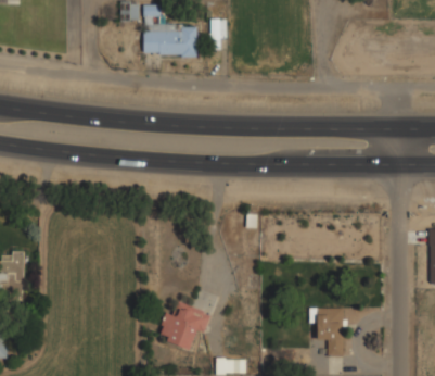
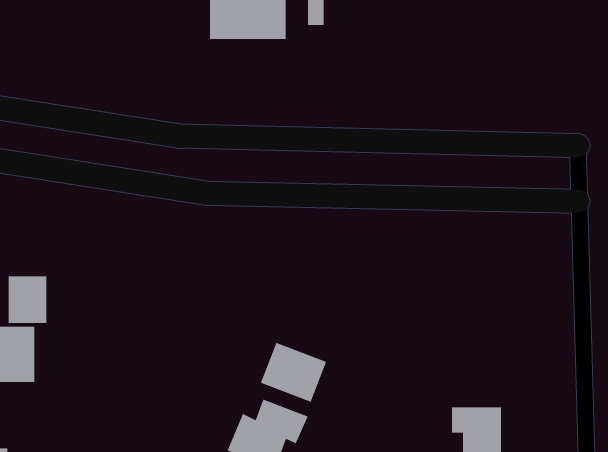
building: none -> [8,276,47,324]
building: none -> [260,342,327,403]

